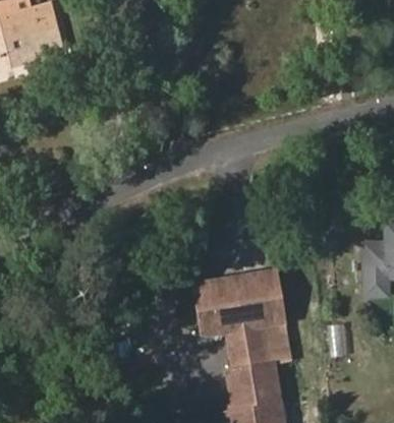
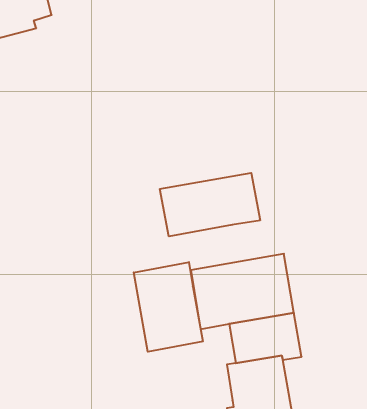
building: none -> [160,173,260,236]
building: none -> [134,262,203,352]

